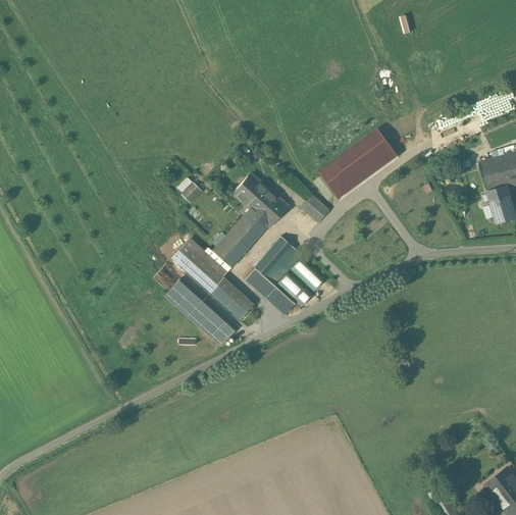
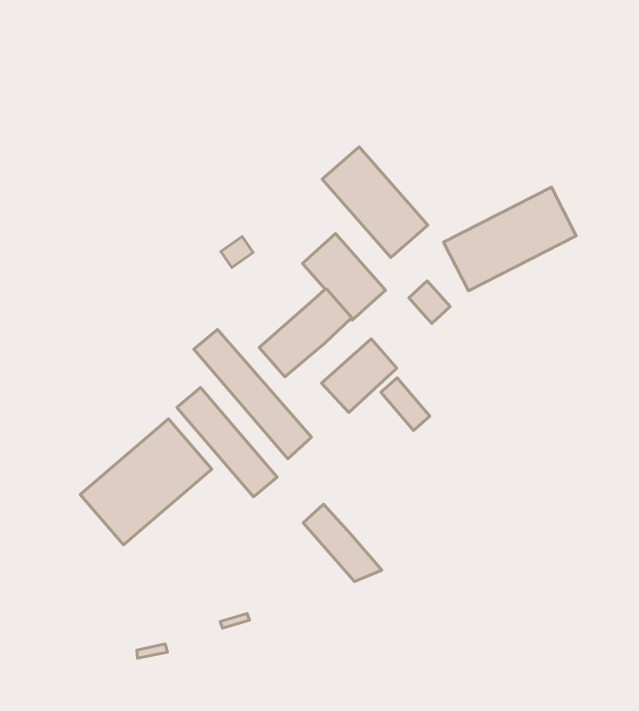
building: none -> [322,147,428,257]
building: [243,267,296,313] -> [303,504,382,581]
building: none -> [80,419,212,545]

